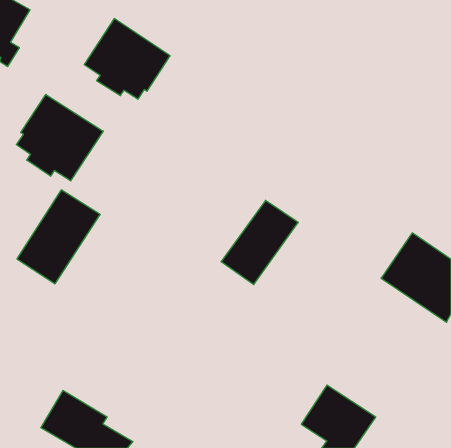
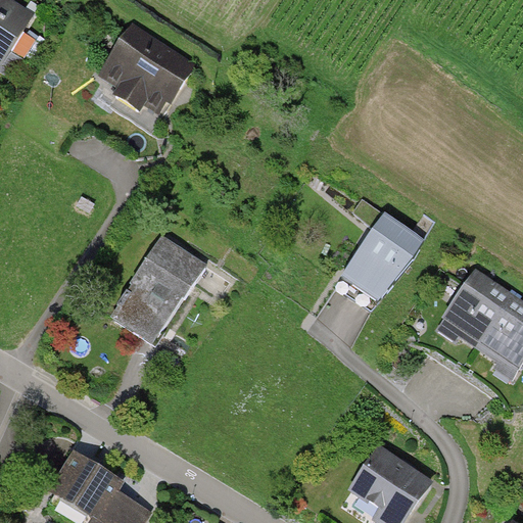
building: [16,94,103,181] -> none
building: [17,190,100,284] -> [109,235,205,343]
building: [221,200,298,285] -> [333,215,422,312]

